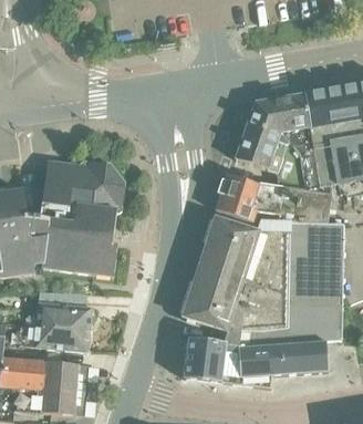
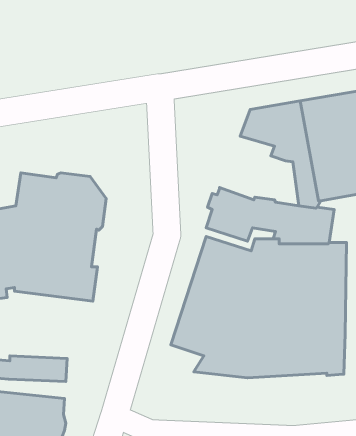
building: [235,126,299,189] -> none
building: [37,290,90,328] -> none
building: [181,337,325,389] -> none

